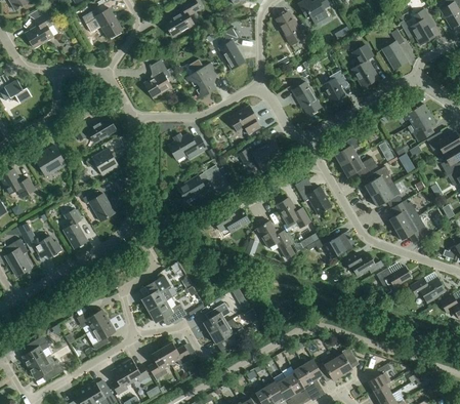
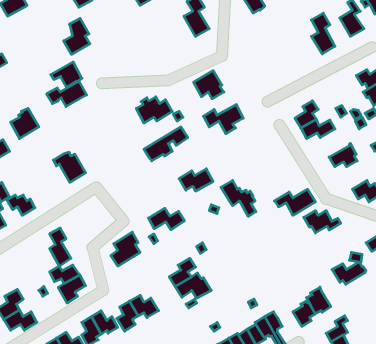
building: [186,58,218,99] -> none
building: [144,59,172,97] -> [64,18,90,54]
building: [323,70,349,103] -> none
building: [292,81,322,114] -> none
building: [86,148,119,174] -> [51,62,82,87]
building: [366,167,393,196] -> none
building: [296,184,332,214] -> none
building: [277,197,311,228] -> none
building: [390,199,413,230] -> none
building: [65,208,87,248] -> [50,228,71,266]
building: [377,266,413,289] -> [332,262,366,284]
building: [150,300,187,323] -> [148,208,184,230]
building: [318,354,343,381] -> [306,287,331,313]

